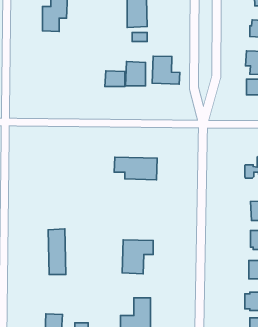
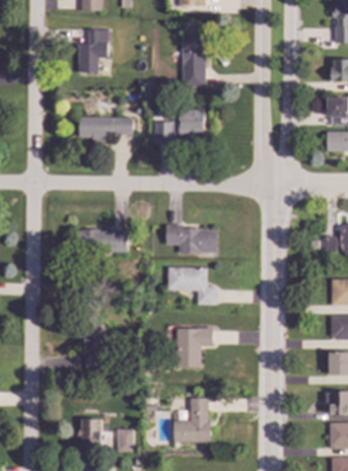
building: [152,56,180,84] -> none
building: none -> [79,116,133,140]
building: none -> [78,229,128,252]
building: none -> [167,267,217,305]

